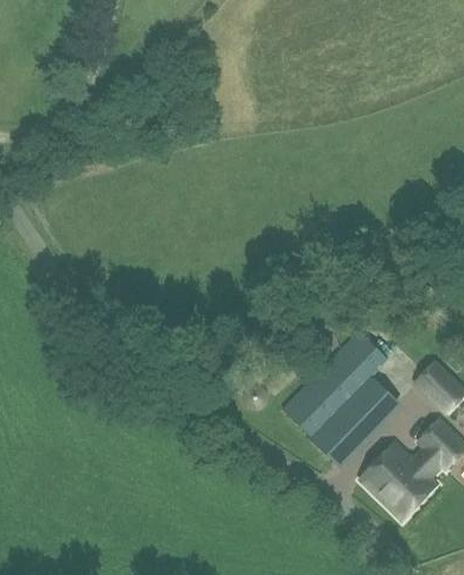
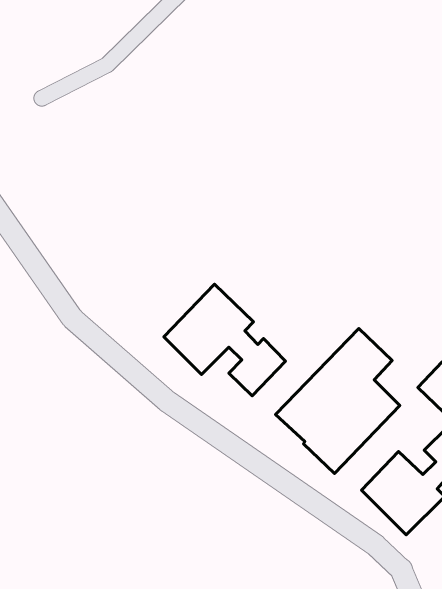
building: none -> [164,284,286,396]

